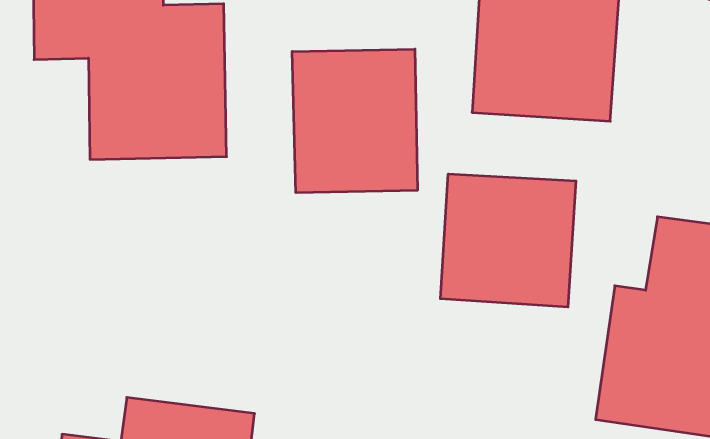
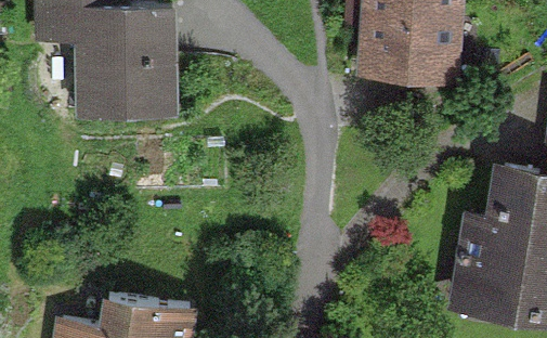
building: [292,49,417,193] -> none
building: [440,174,576,307] -> none

